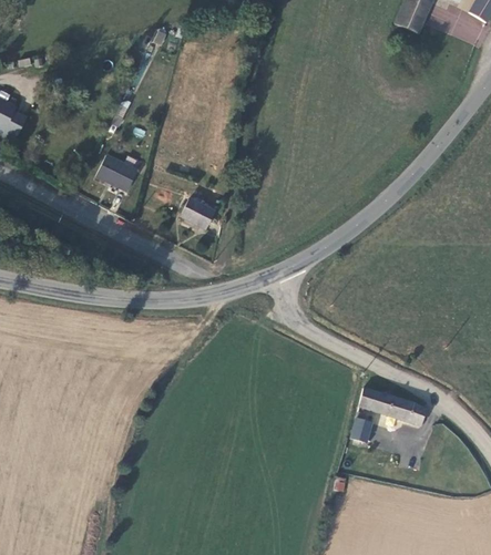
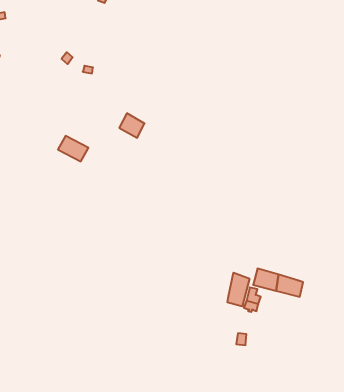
building: [99,153,139,186] -> [58,136,88,161]
building: none -> [227,273,249,306]

